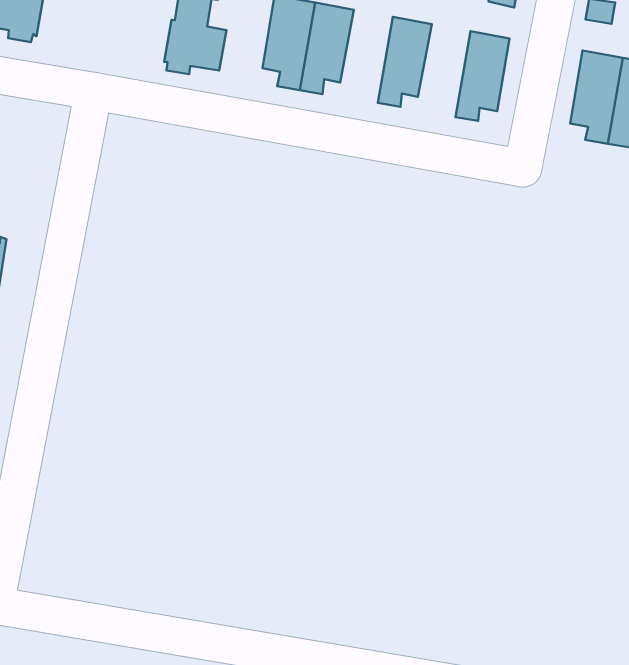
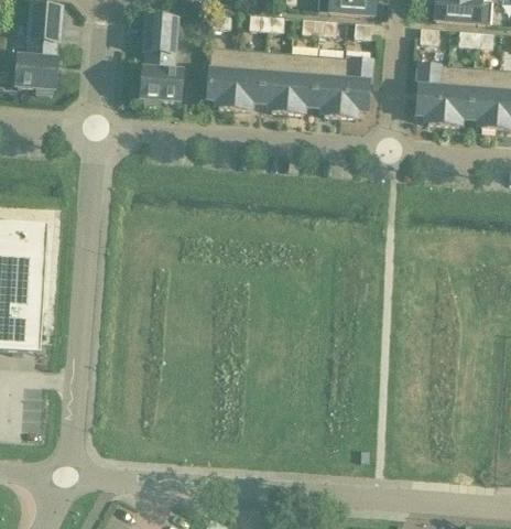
building: none -> [260,51,291,111]
building: none -> [313,55,344,116]

